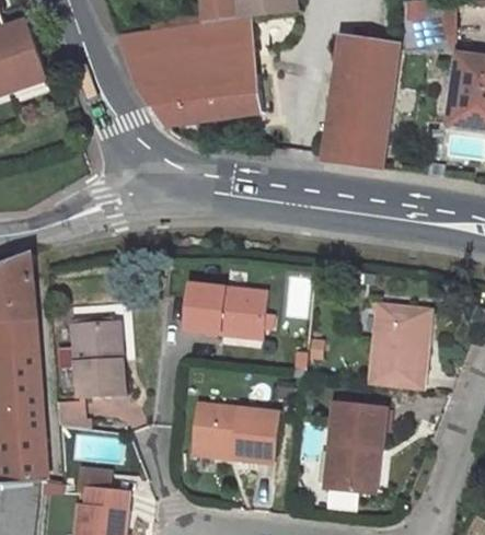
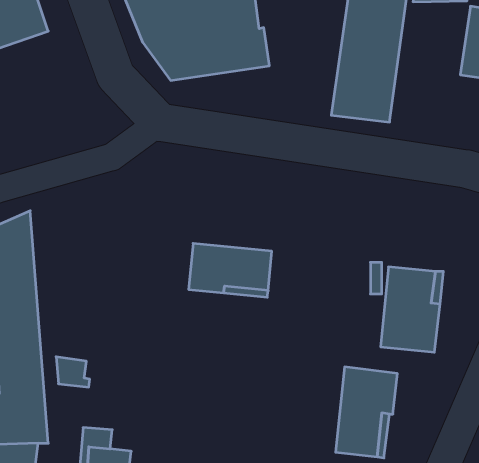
building: [72,318,124,395] -> none
building: [192,404,278,462] -> none

